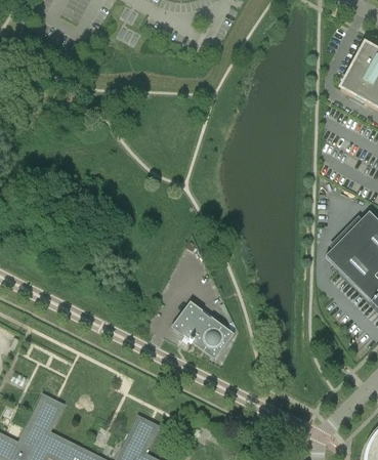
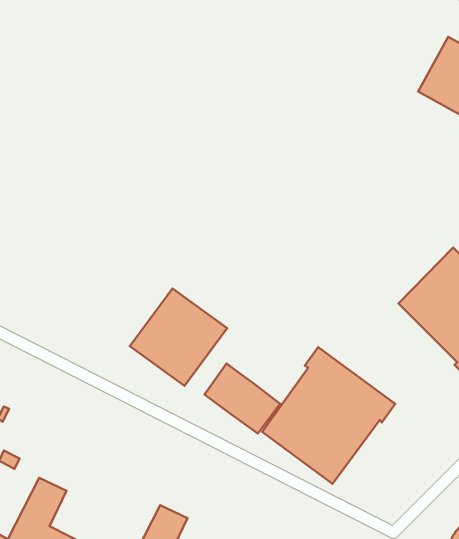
building: none -> [130,288,227,386]
building: none -> [262,347,395,484]

